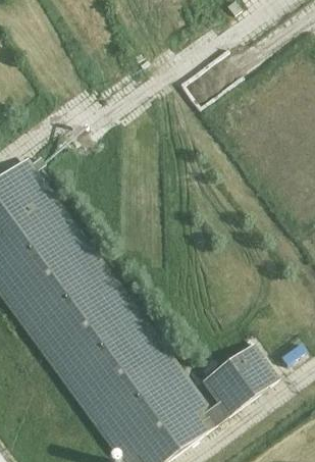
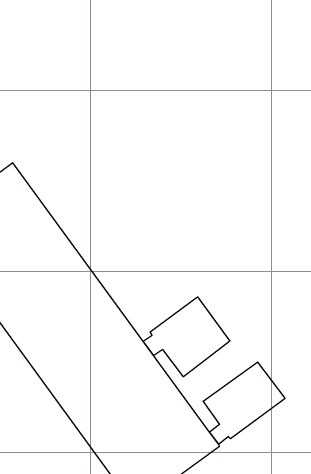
building: none -> [143,297,230,377]

